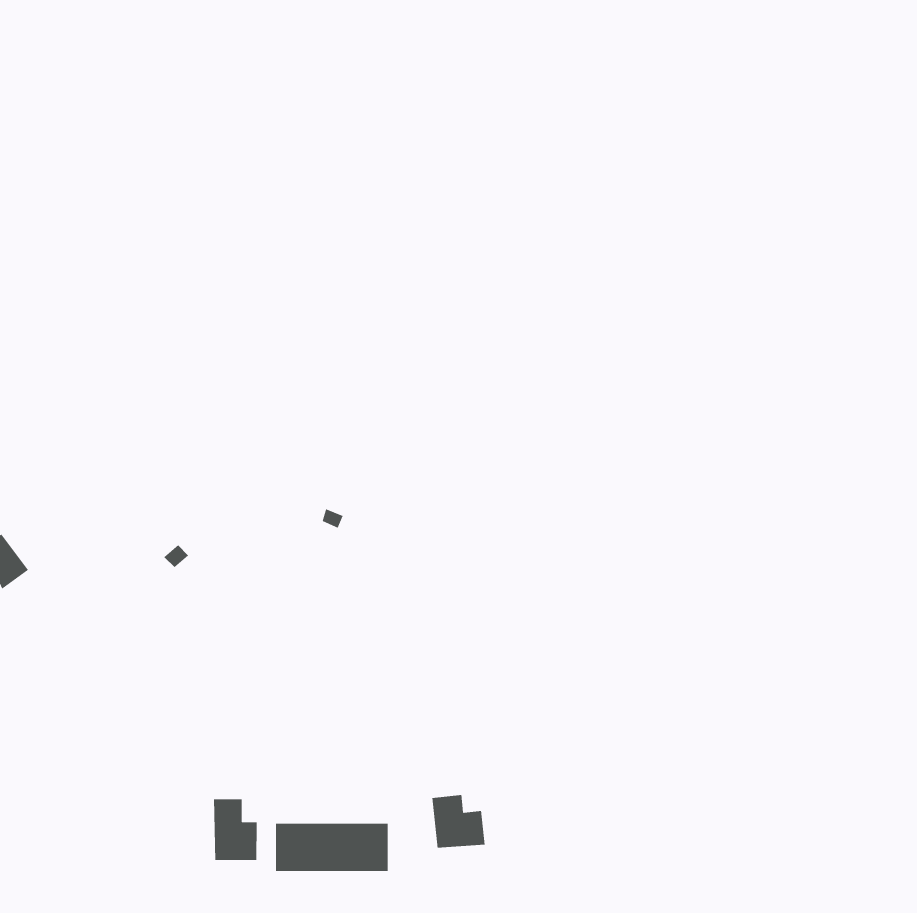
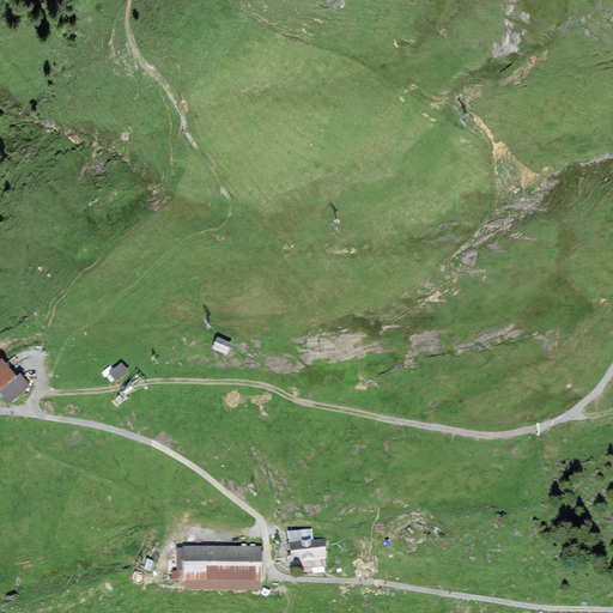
building: [214,798,257,861] -> none

